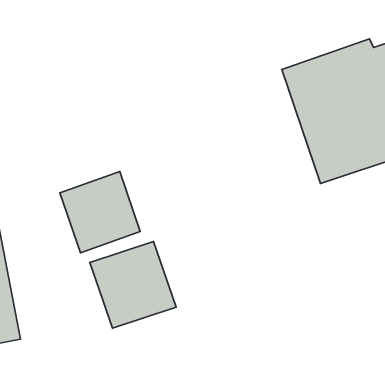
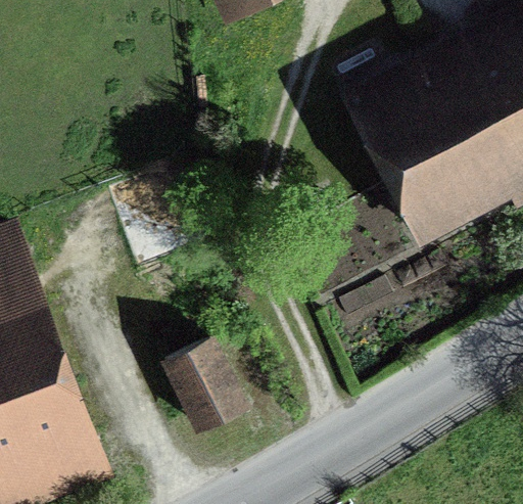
building: [60,172,140,253] -> none

